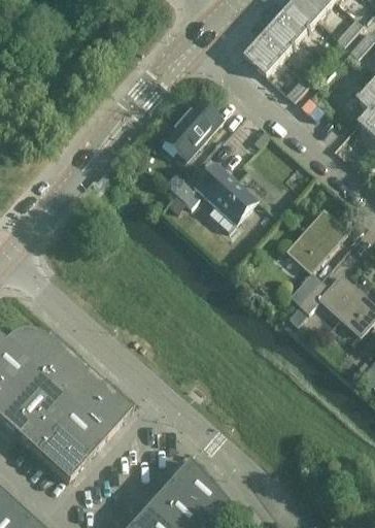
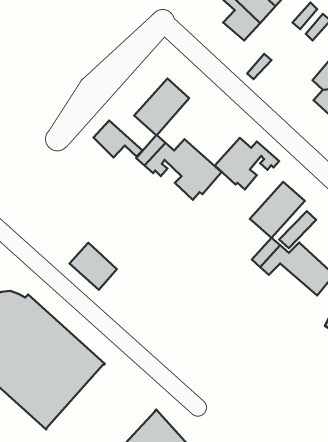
building: [244,37,283,75] -> none
building: none -> [93,120,143,158]
building: none -> [215,138,279,190]
building: none -> [70,243,117,290]

